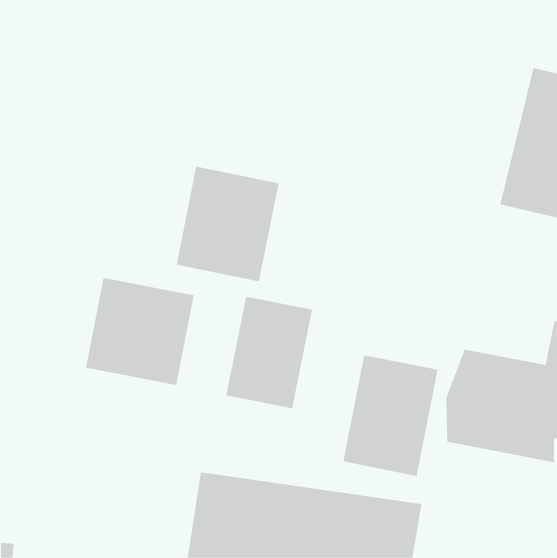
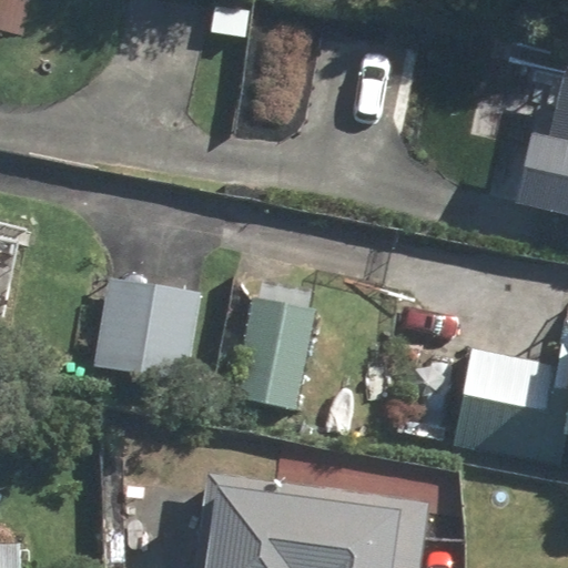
building: [176,166,279,282] -> none
building: [343,354,438,477] -> none

